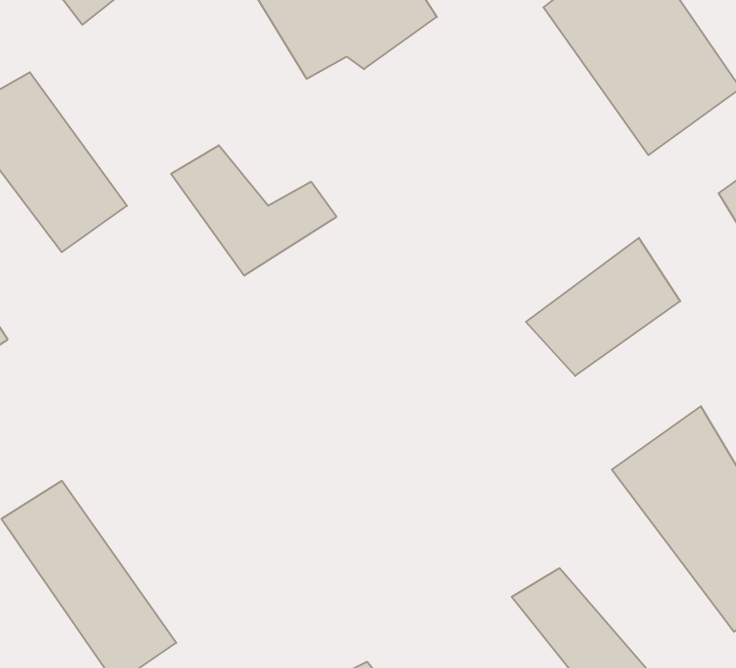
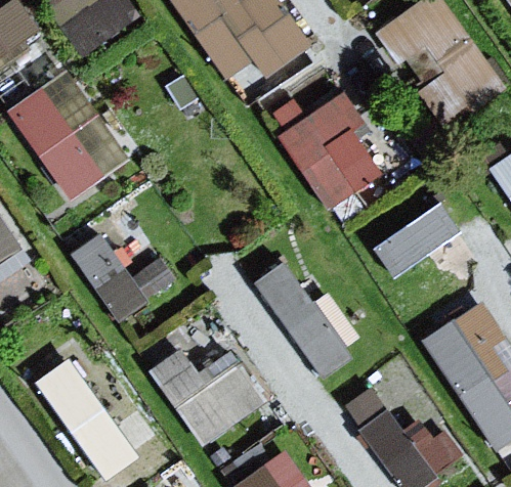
building: none -> [279,91,361,208]
building: [171,145,336,276] -> [71,231,177,315]
building: none -> [260,269,356,381]
building: none -> [150,346,266,441]

